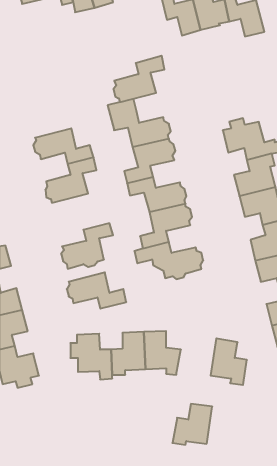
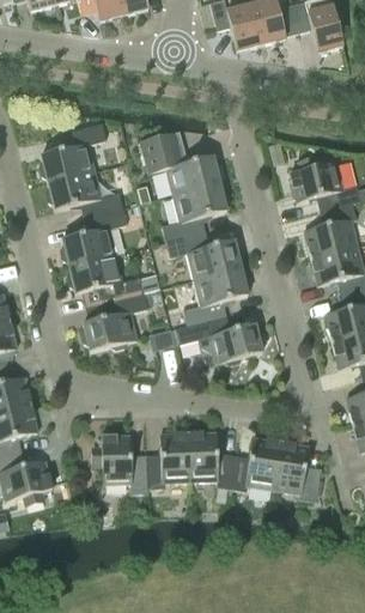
building: [113,56,164,102] -> [39,121,105,181]
building: [67,272,126,309] -> [67,253,144,299]
building: [172,404,212,445] -> [230,436,281,488]

